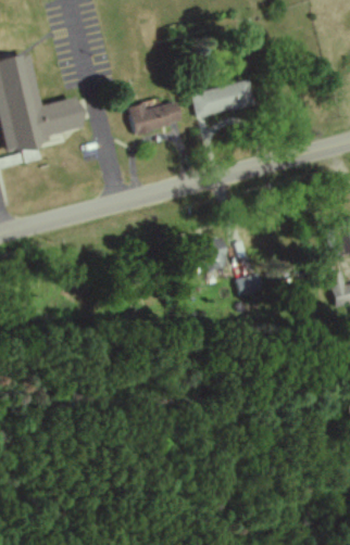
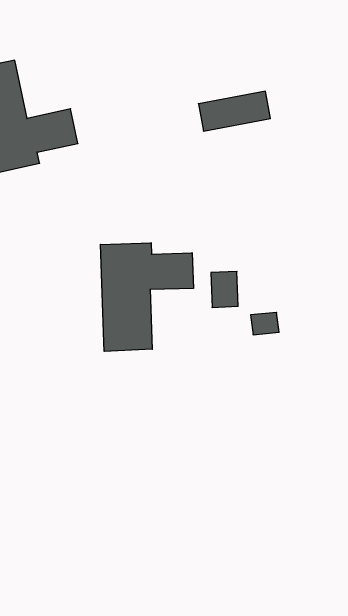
building: [129,101,183,134] -> none
building: none -> [100,243,193,351]

